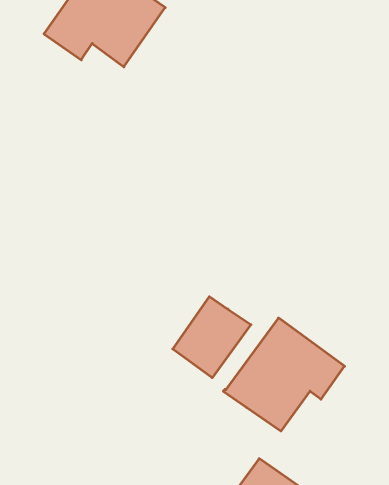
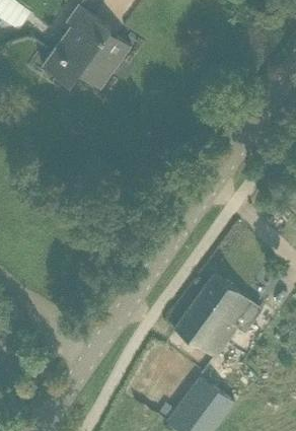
building: [173,297,251,378] -> none

